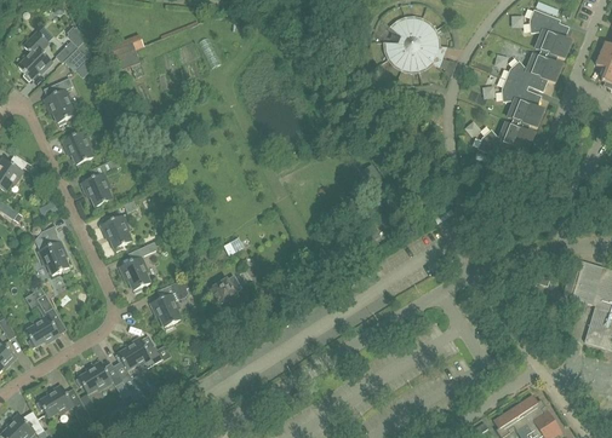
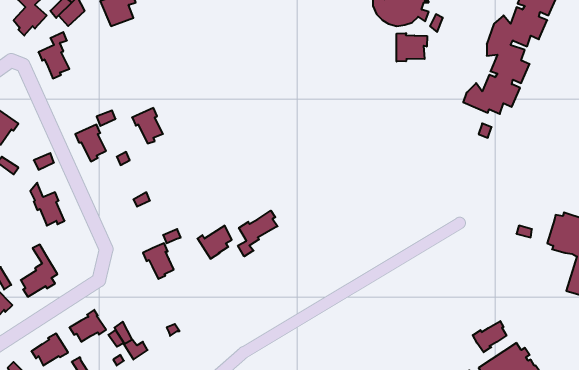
building: none -> [397,33,427,62]
building: [63,128,93,166] -> none
building: [101,213,132,249] -> [132,108,163,143]
building: [120,254,150,292] -> none
building: none -> [238,211,278,256]
building: [115,335,162,368] -> none
building: none -> [473,321,506,352]

